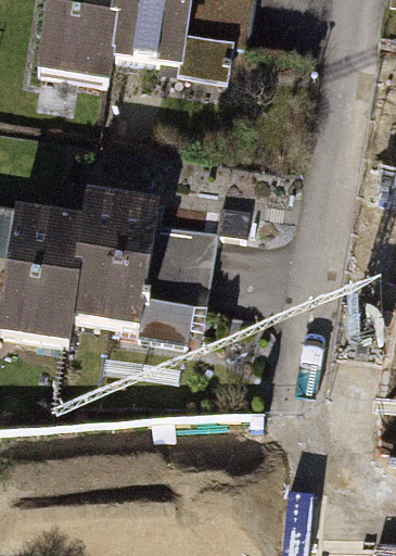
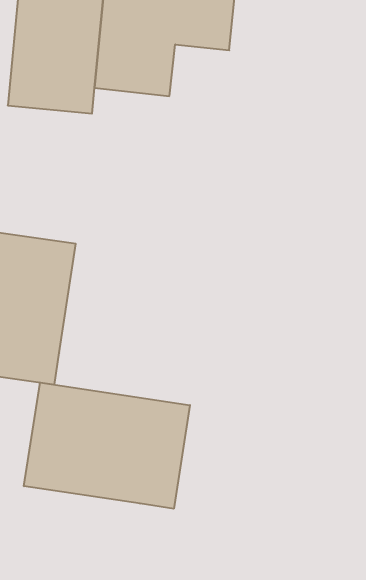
building: [87,198,220,336] -> none
building: none -> [24,382,190,509]

